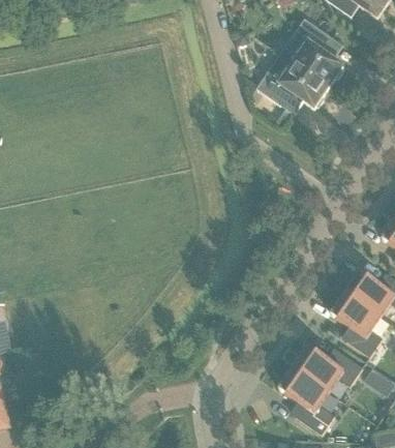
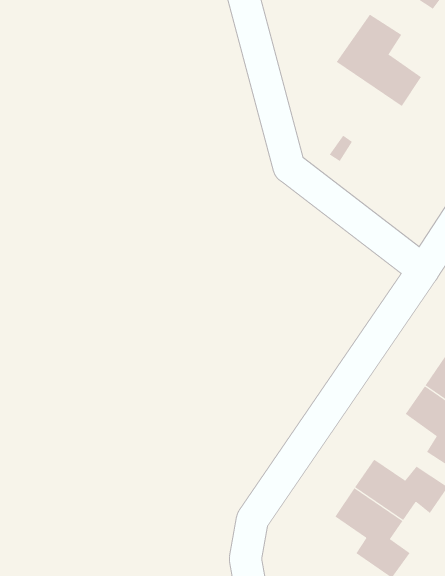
building: [256,55,329,109] -> none

